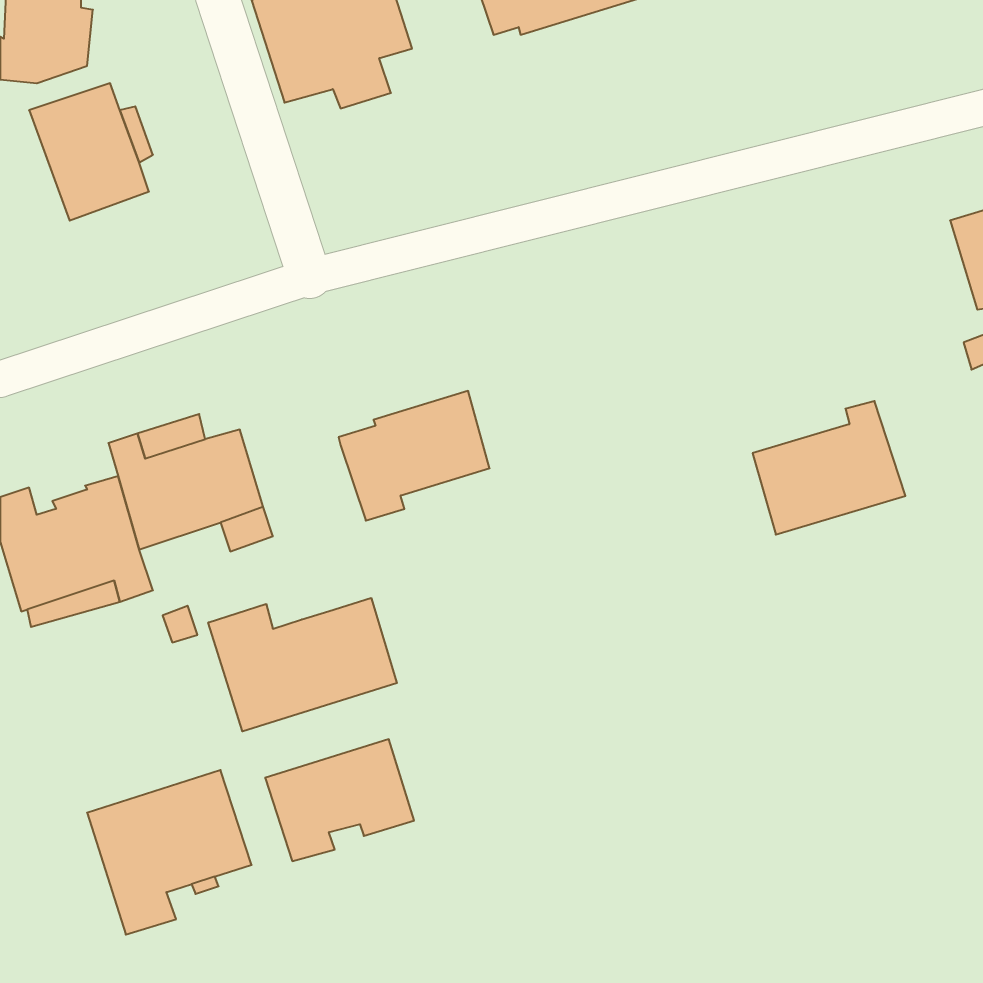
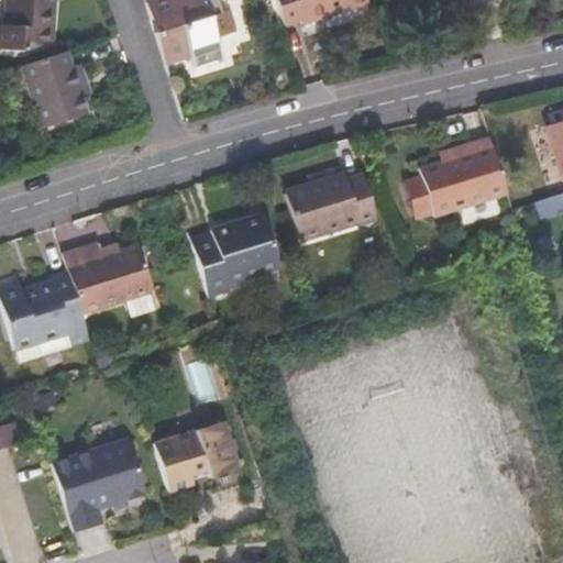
building: none -> [287,174,376,236]
building: [753,401,905,535] -> [421,136,508,212]
building: [208,598,397,731] -> none

